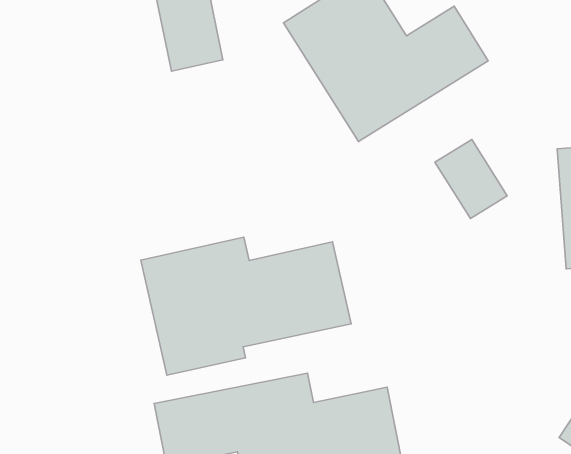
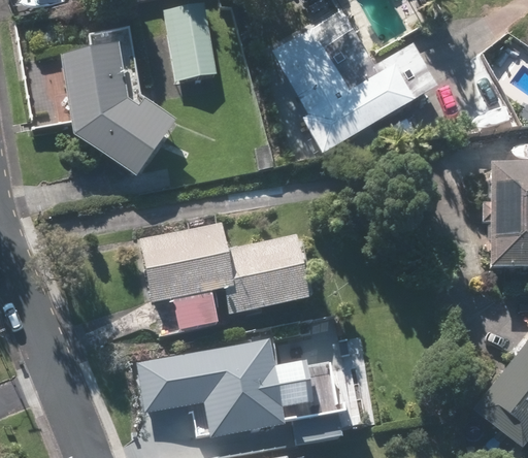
building: none -> [66,26,177,176]
building: [435,140,507,218] -> none

